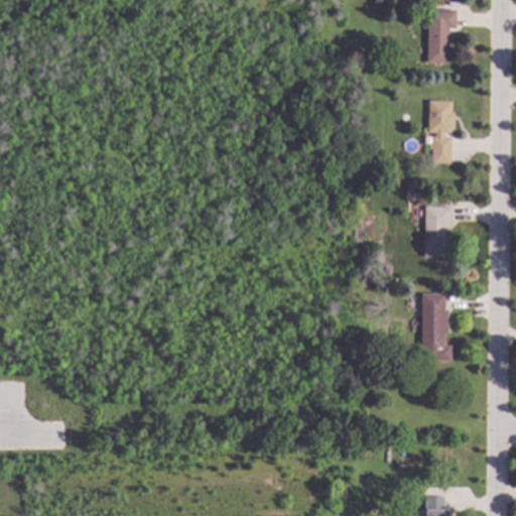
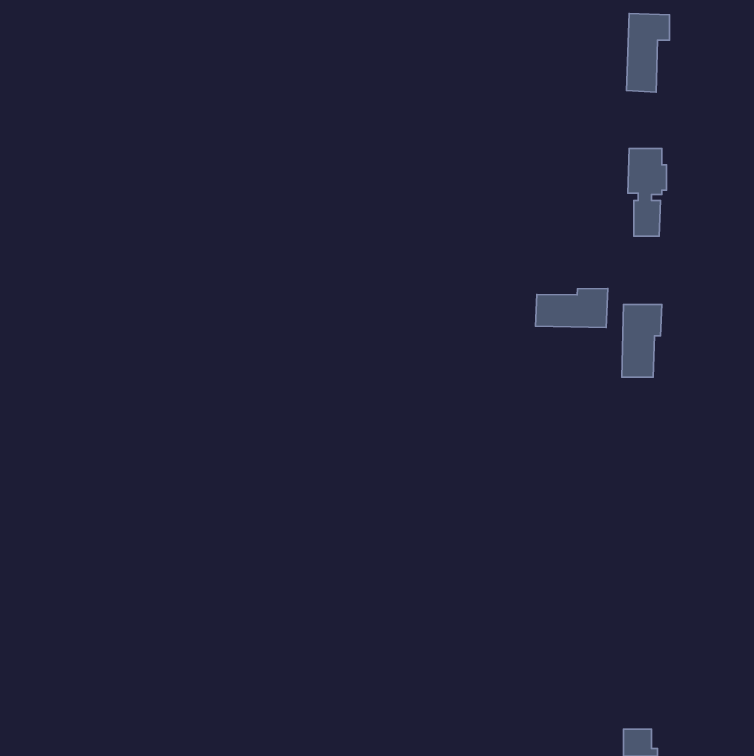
building: none -> [536,289,608,328]
building: [418,293,452,360] -> none

